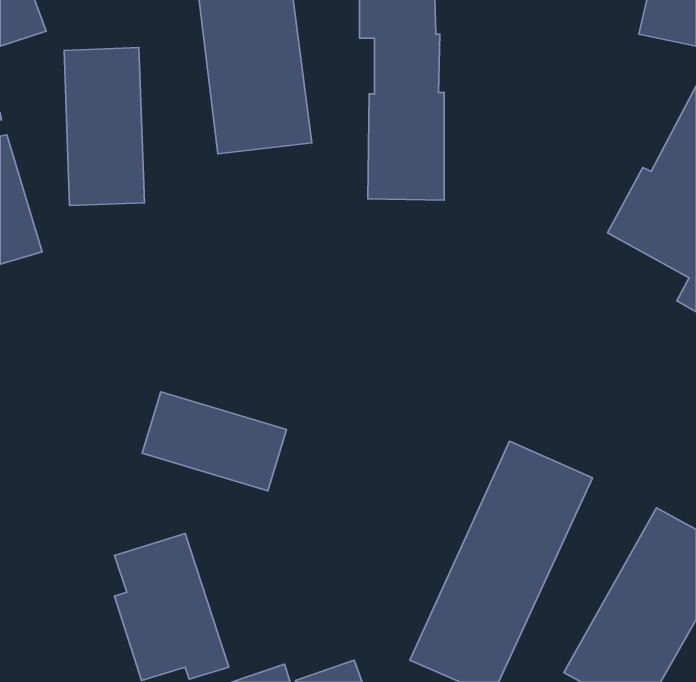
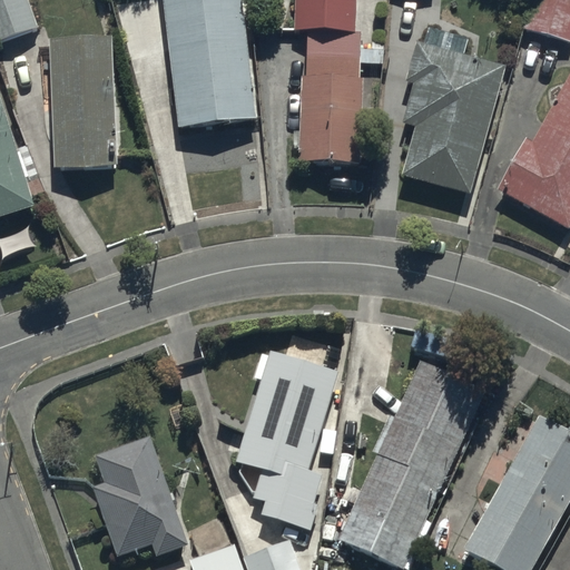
building: none -> [402,28,504,216]
building: [142,392,286,491] -> none
building: none -> [236,350,337,529]

